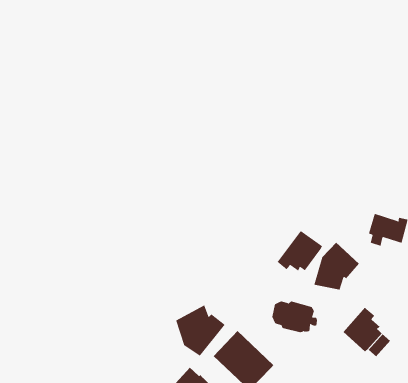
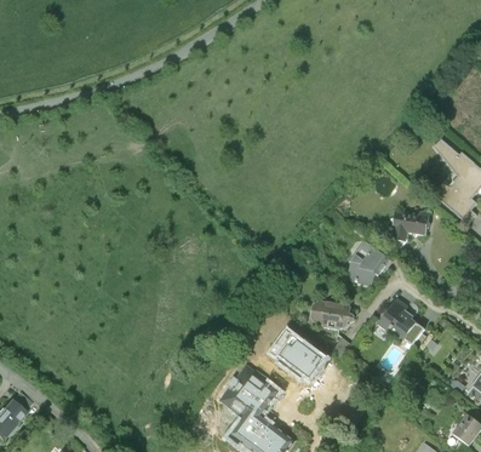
building: [277,230,323,272] -> none
building: [175,305,226,356] -> none

